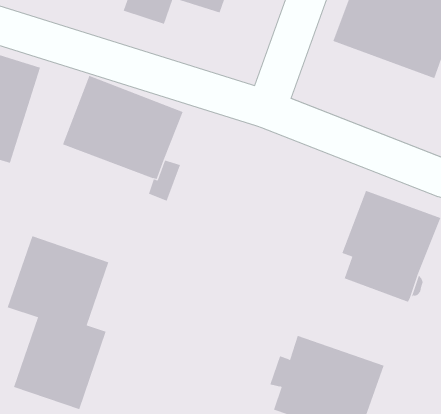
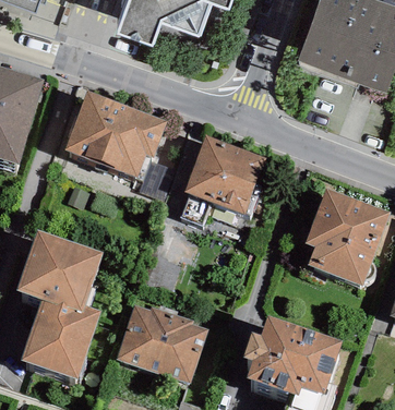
building: none -> [179,136,264,227]
building: none -> [119,297,197,373]

